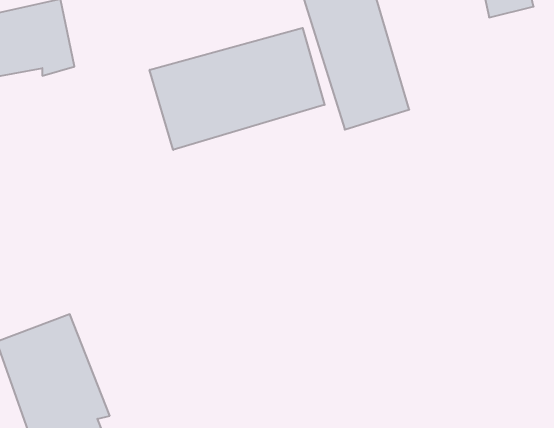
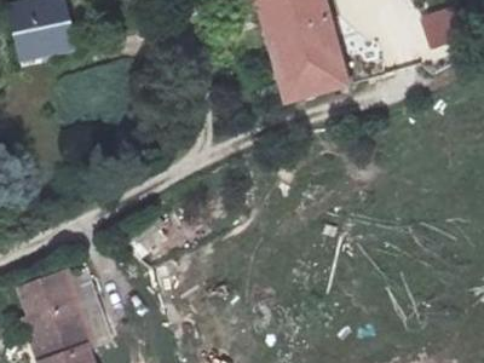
building: [150,28,325,150] -> none

